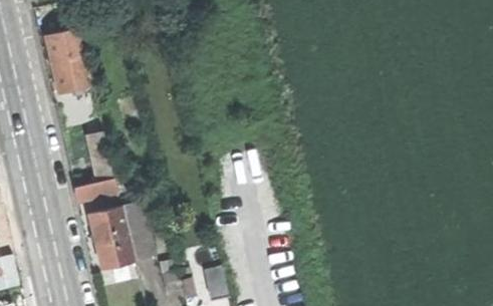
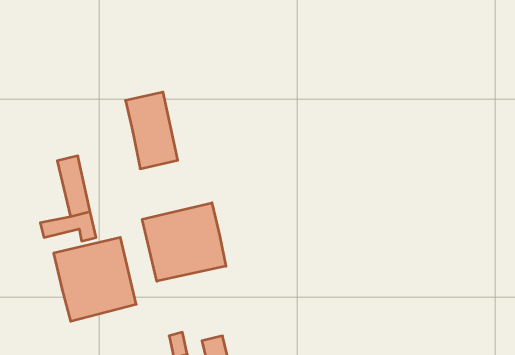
building: [48,29,91,92] -> [125,92,178,169]
building: none -> [142,203,226,281]

